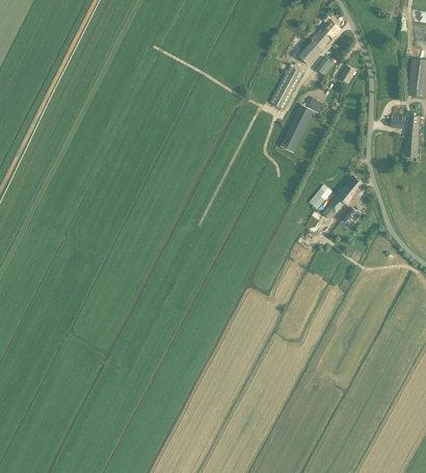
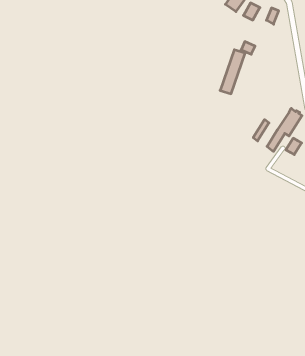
building: [270,65,303,109] -> none

